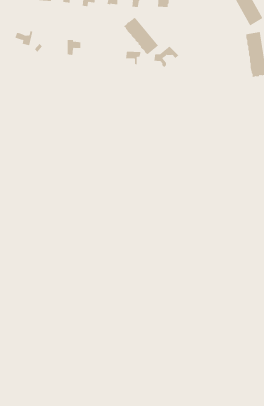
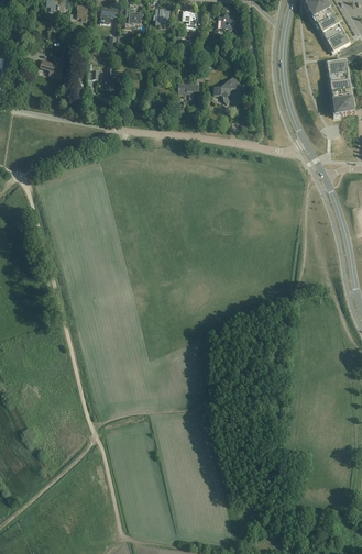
building: [123,17,159,55] -> none

